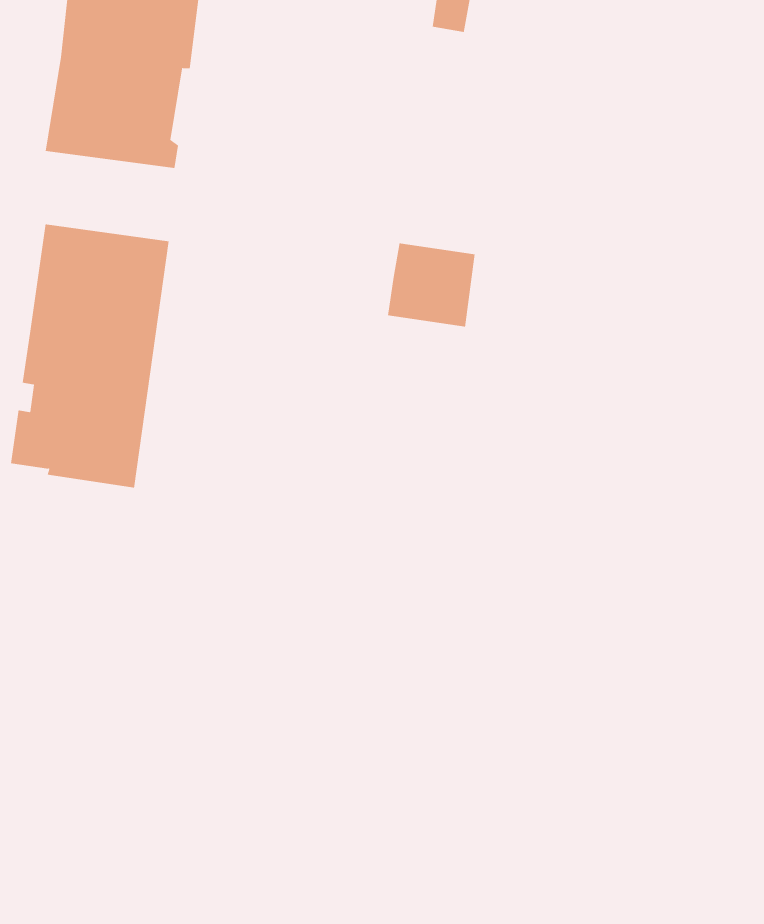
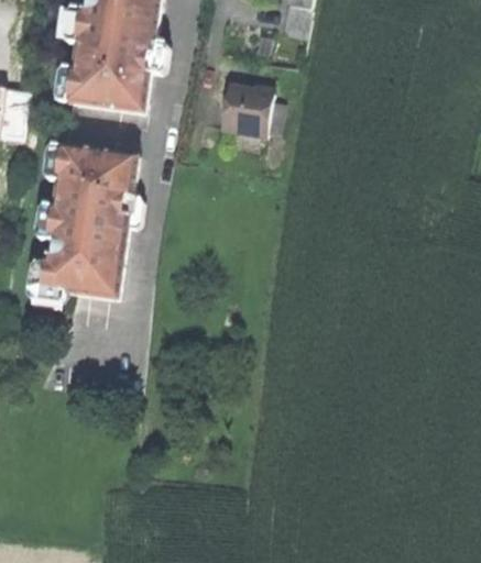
building: [387,243,475,327] -> [217,88,267,136]

